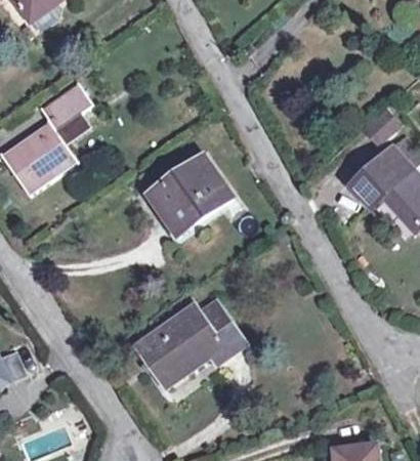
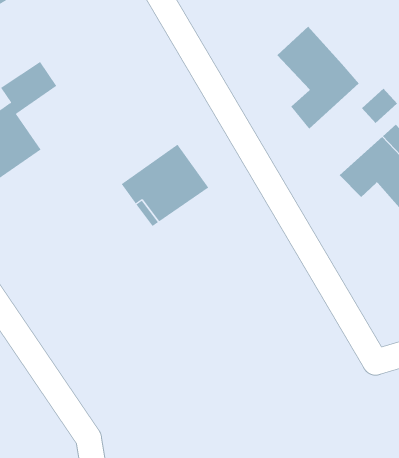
building: none -> [276,26,359,130]
building: [133,300,246,387] -> none

